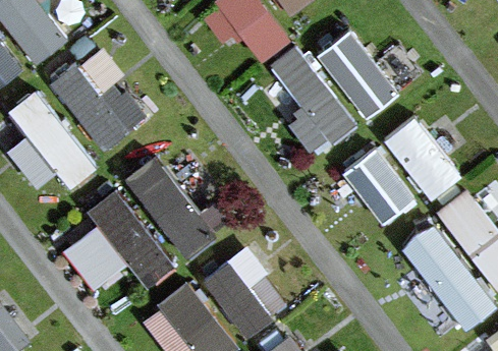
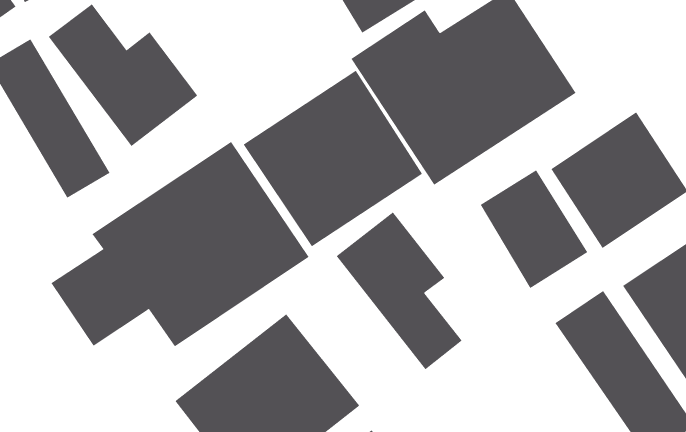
building: none -> [243,70,423,247]
building: none -> [336,212,462,370]

